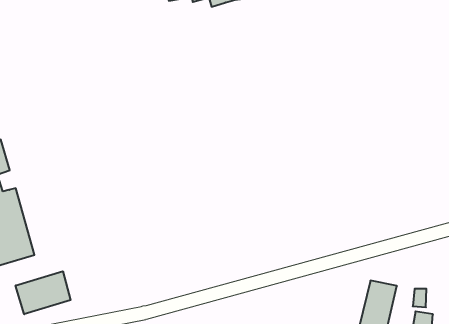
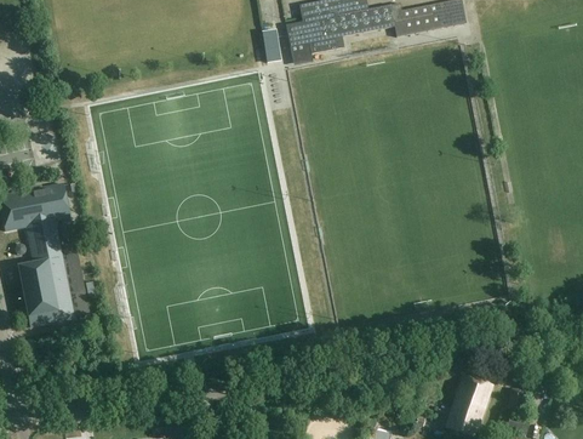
building: [16,271,71,314] -> none

